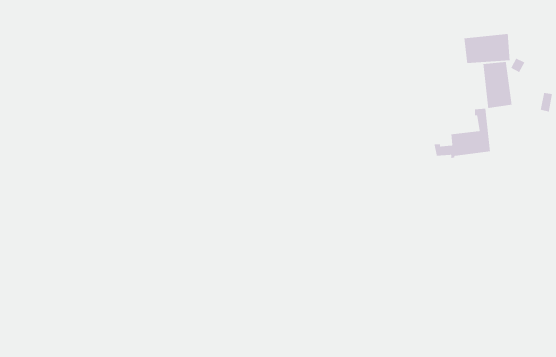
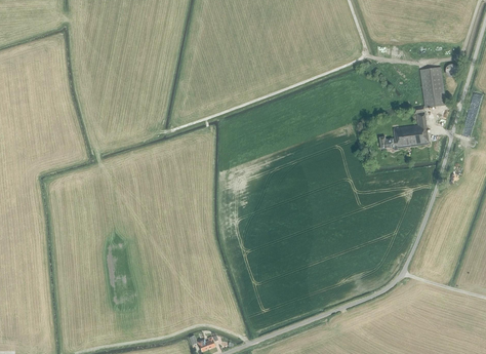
building: [464,33,510,64] -> none

